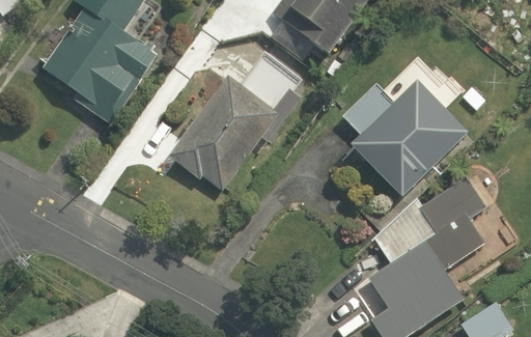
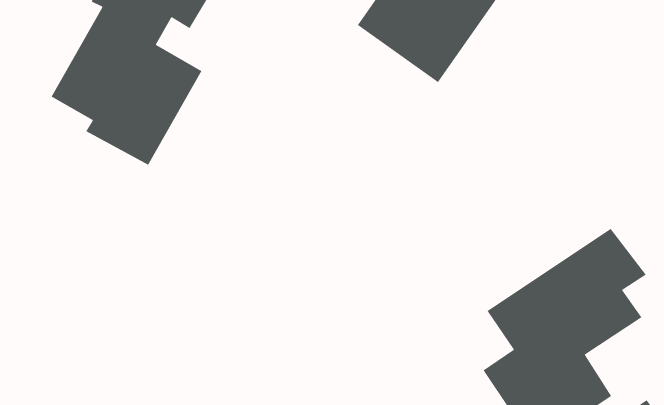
building: [173,64,289,192] -> none
building: [337,79,465,192] -> none

